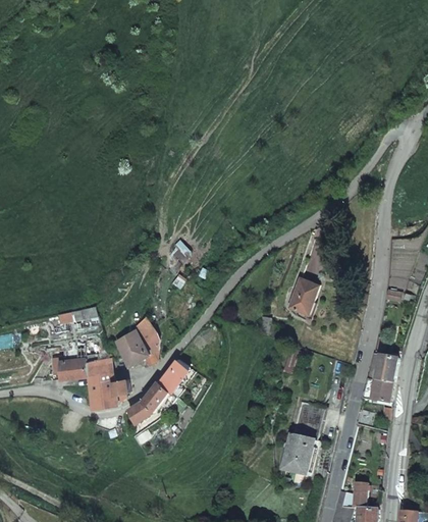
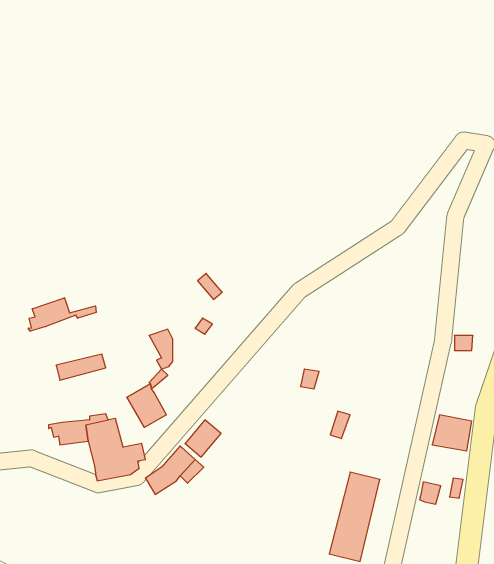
building: none -> [28,298,96,331]
building: [289,278,319,314] -> none
building: [137,332,156,365] -> [149,329,173,369]
building: [361,380,393,404] -> none

